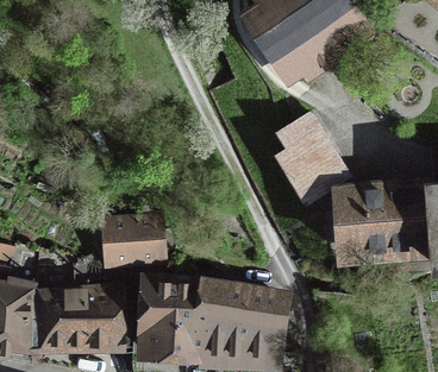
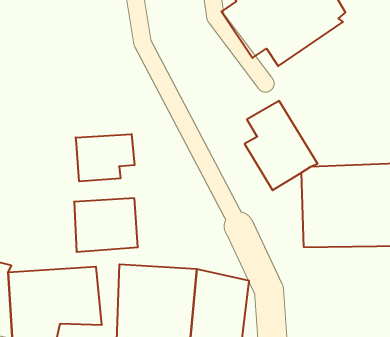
building: none -> [76,134,134,181]

